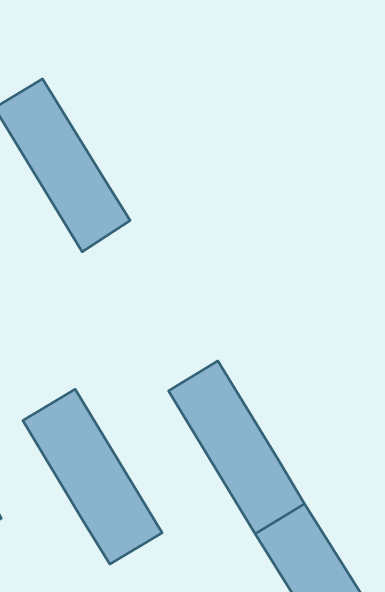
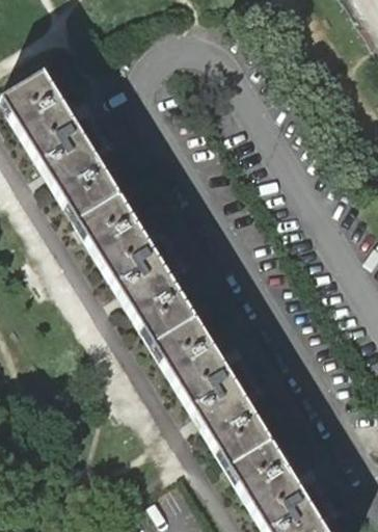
building: none -> [79,194,196,342]
building: [23,389,162,564] -> none

